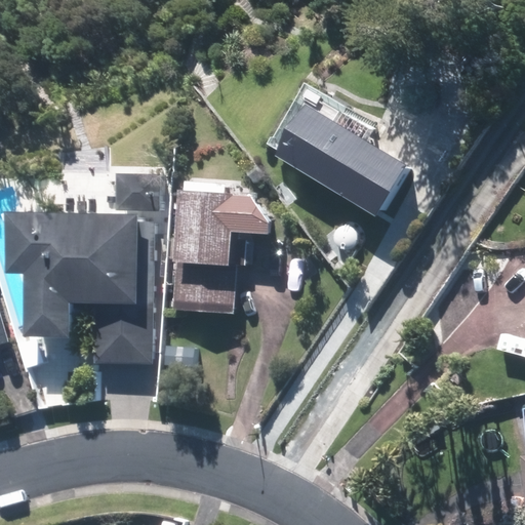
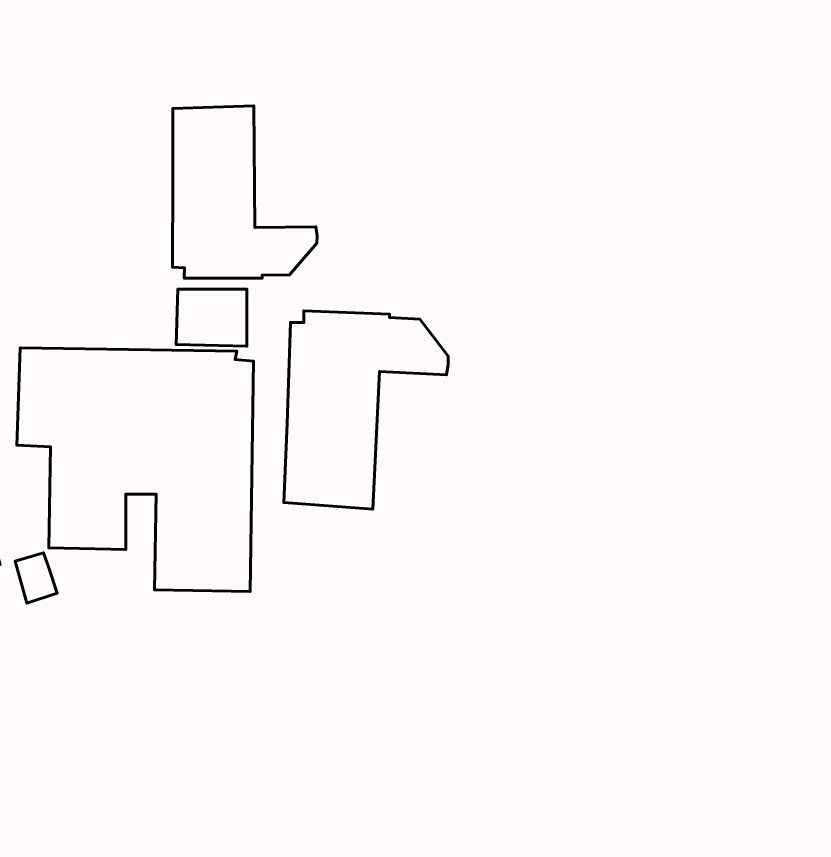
building: none -> [172,106,317,278]
building: [274,107,405,218] -> none

